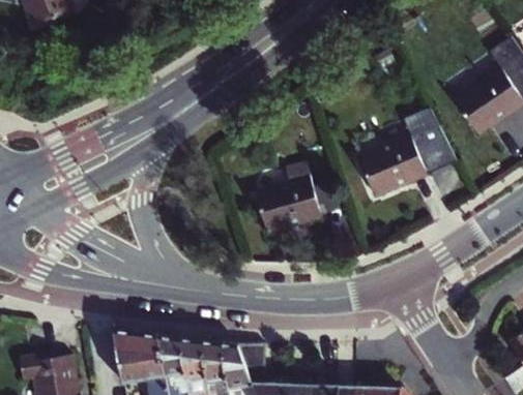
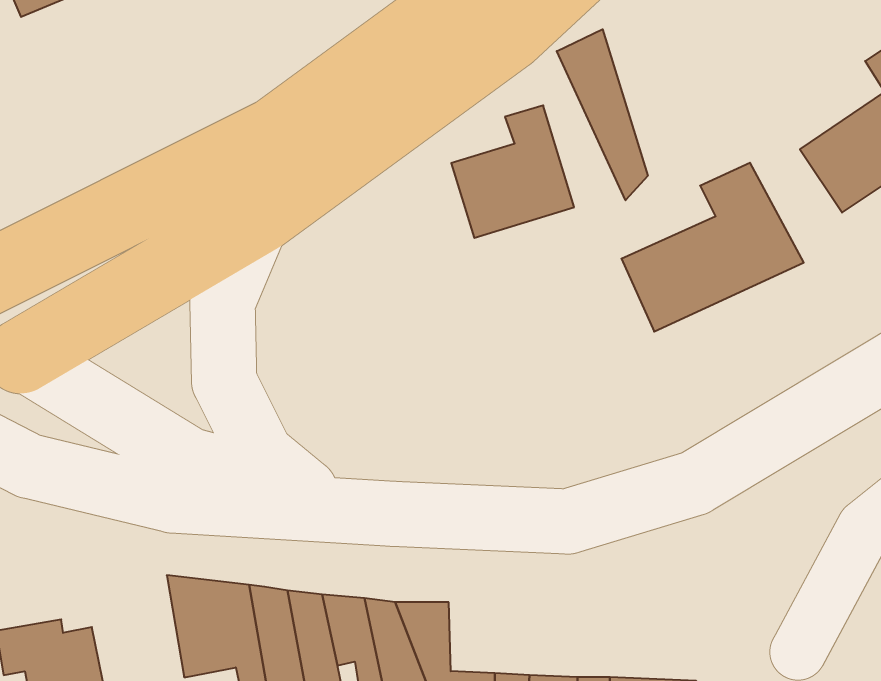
building: none -> [557,29,648,200]
building: [256,163,322,235] -> [451,105,574,238]

